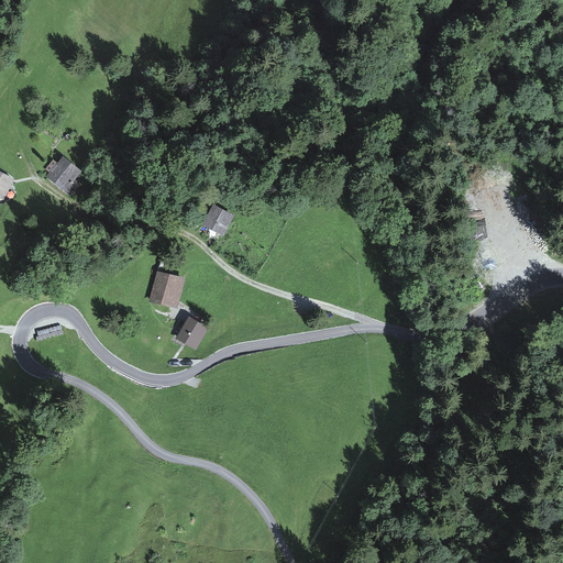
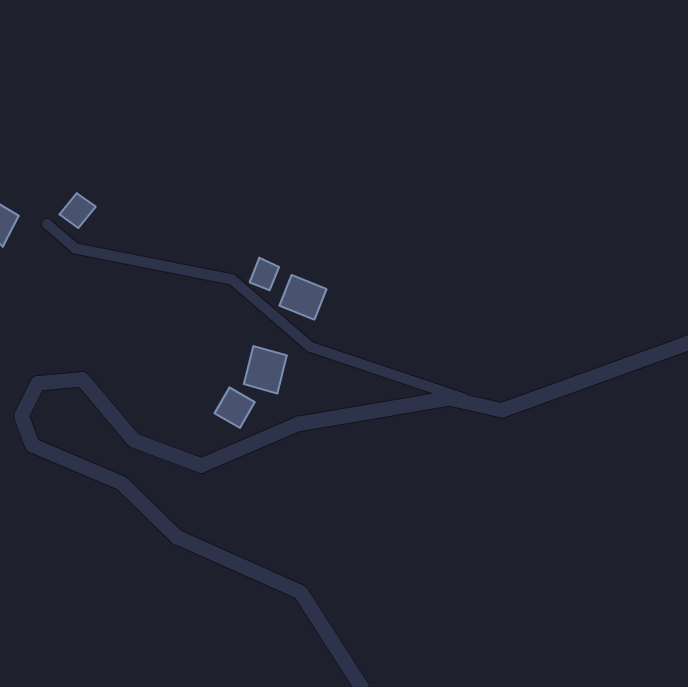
building: none -> [279,275,326,320]
building: [148,269,184,308] -> [244,346,287,393]

